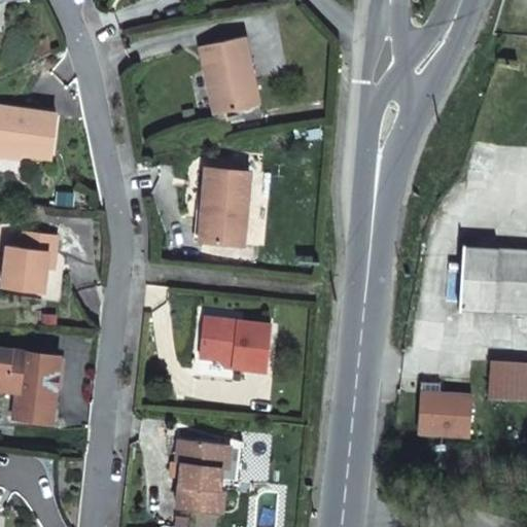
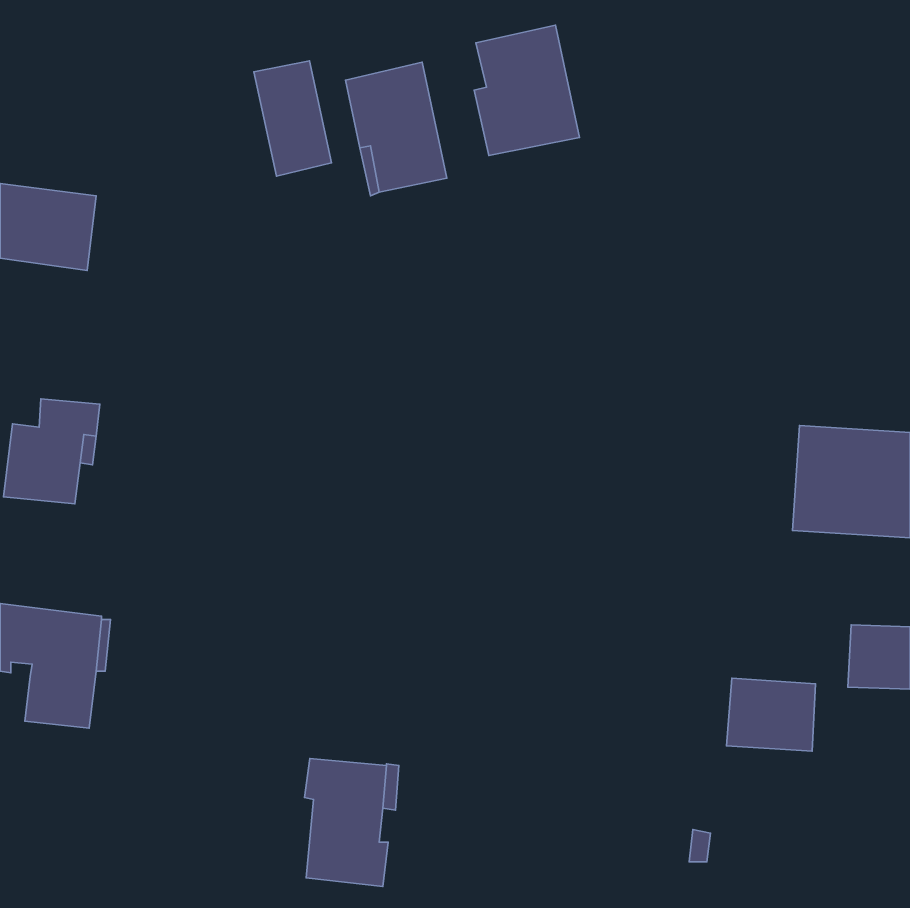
building: none -> [474,25,580,156]
building: none -> [254,61,332,176]
building: [201,169,249,245] -> none
building: [201,317,270,371] -> none

